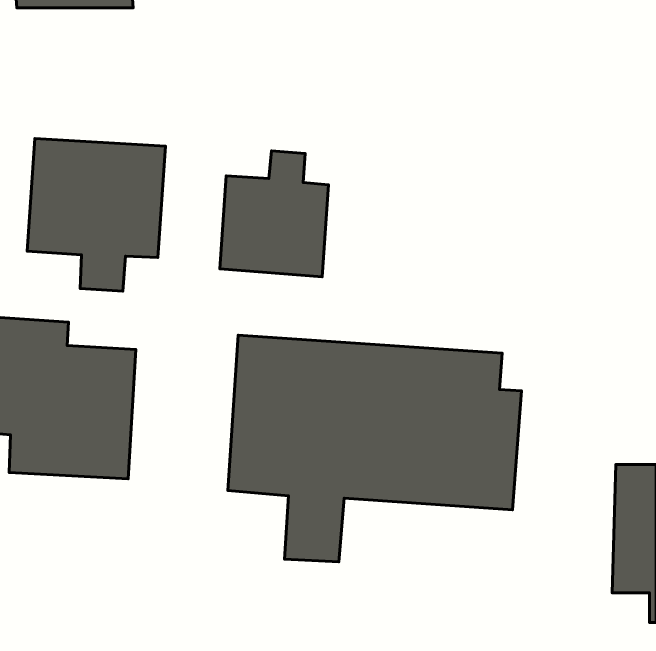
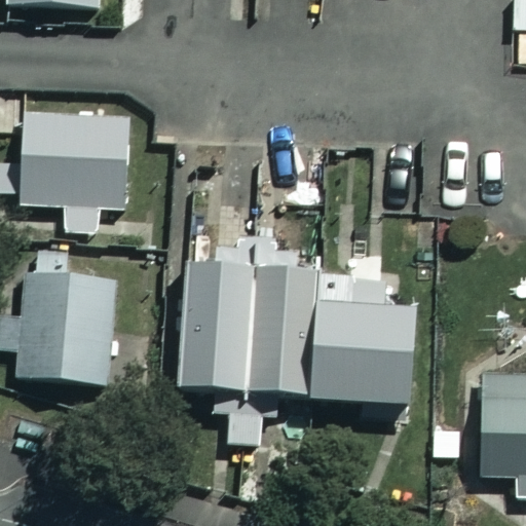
building: [220,151,328,277] -> none

